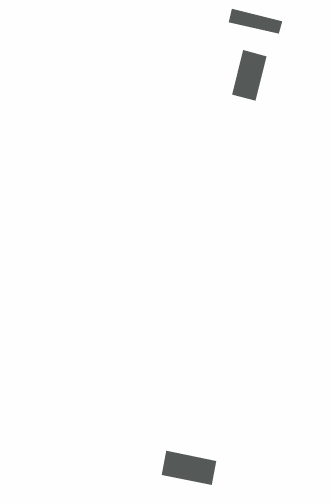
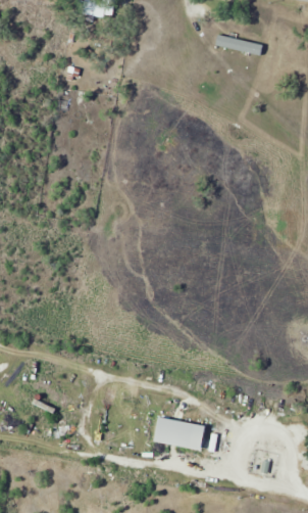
building: [232,49,267,102] -> none

